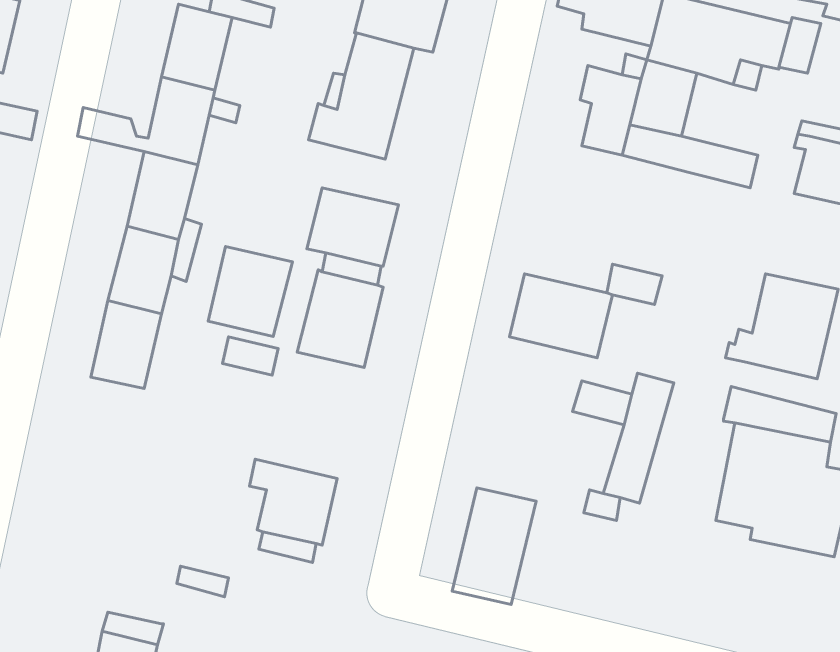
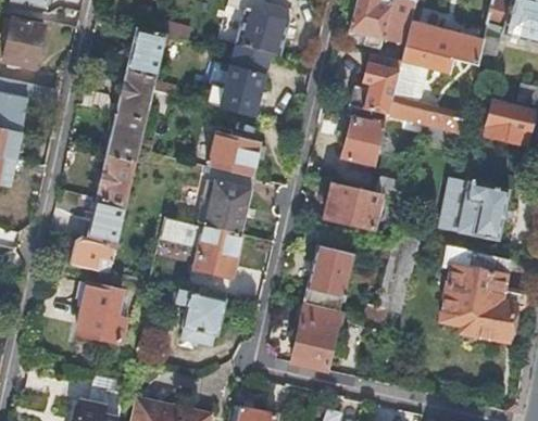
building: none -> [343,120,385,166]
building: [208,247,292,336] -> [192,227,240,278]
building: none -> [70,239,115,272]
building: none -> [302,246,353,308]
building: none -> [75,283,126,345]

